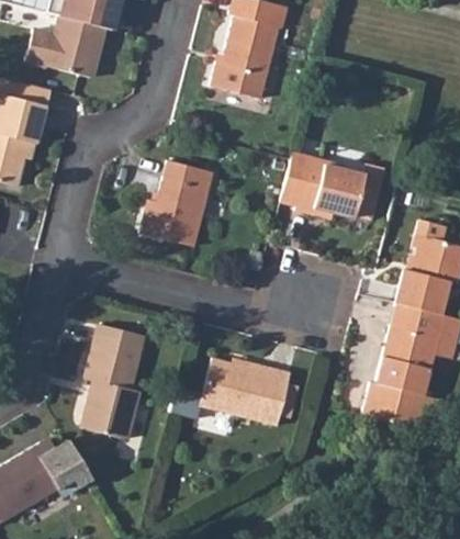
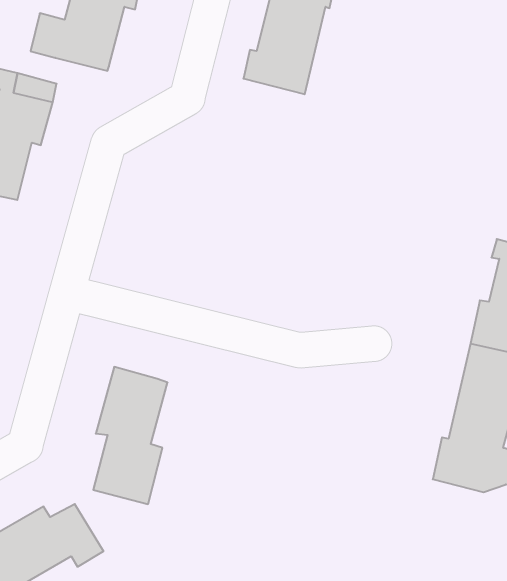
building: [278,149,385,217] -> none
building: [136,162,213,249] -> none
building: [199,360,289,426] -> none

